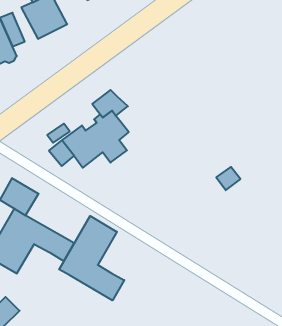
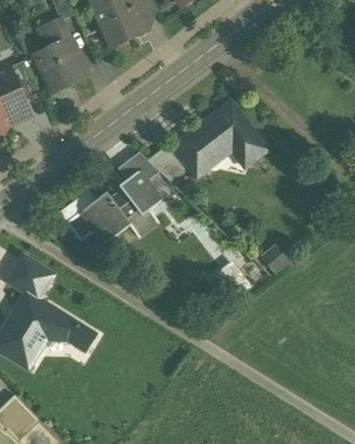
building: none -> [171,102,265,177]
building: none -> [146,147,184,183]
building: [59,216,124,300] -> none

